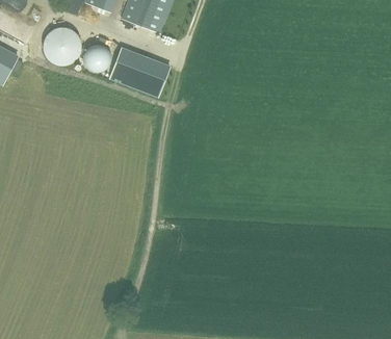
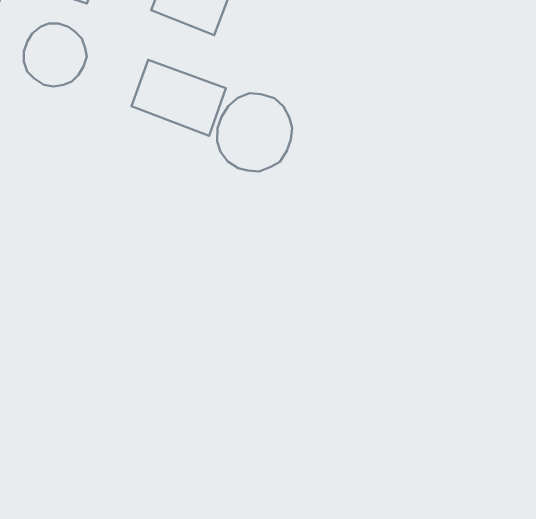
building: [83,45,110,72] -> none
building: none -> [217,93,292,172]

